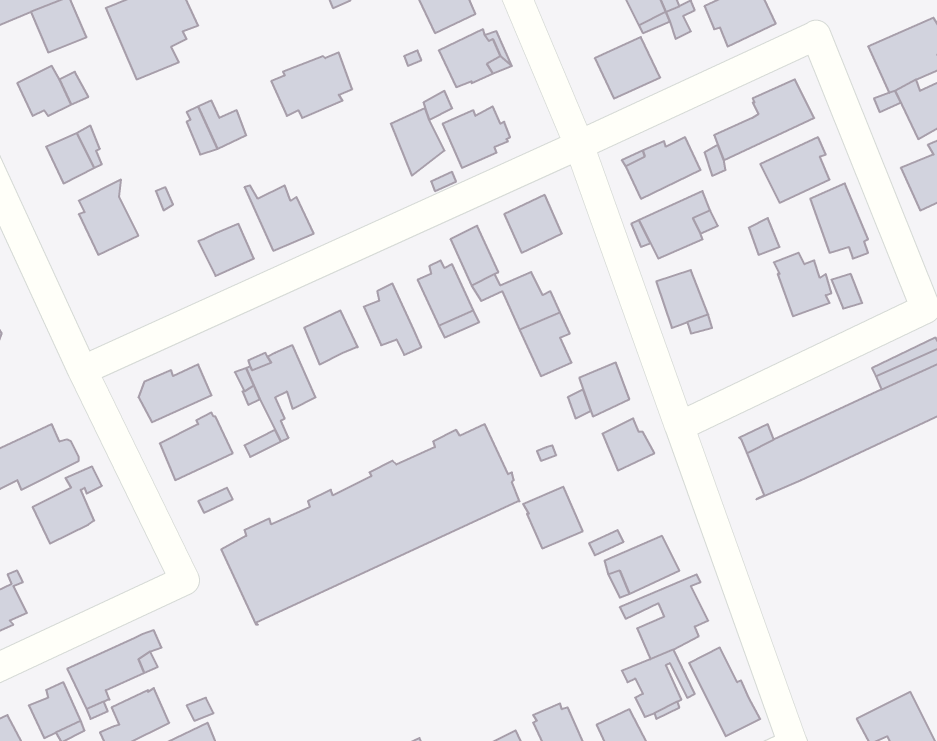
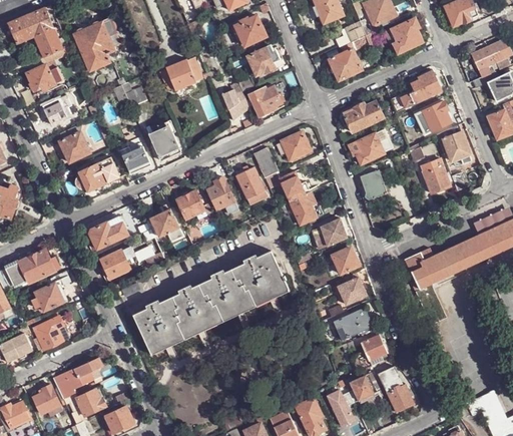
building: none -> [75,157,120,192]
building: [523,487,583,548] -> [335,273,366,305]
building: none -> [29,315,74,352]

